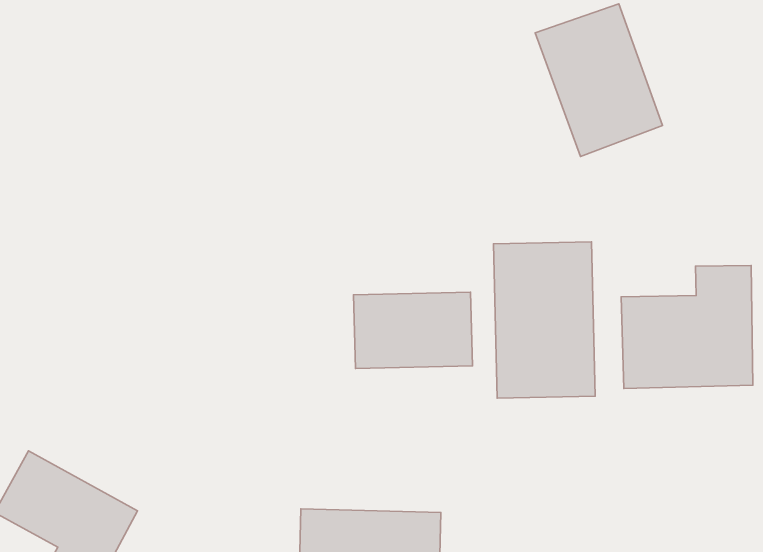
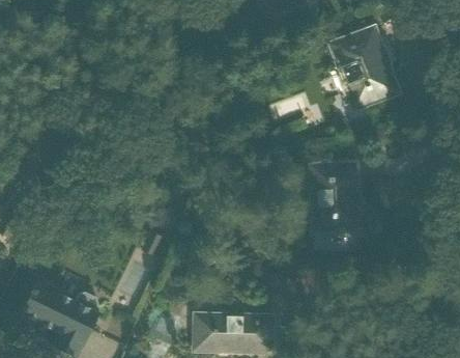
building: [621,265,753,388] -> none
building: [354,292,472,369] -> none

